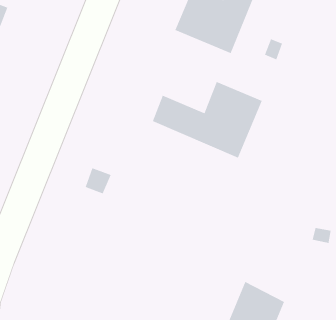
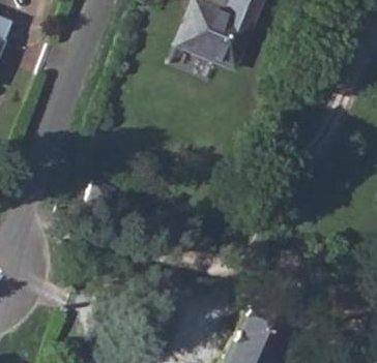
building: [152,81,262,159] -> none

